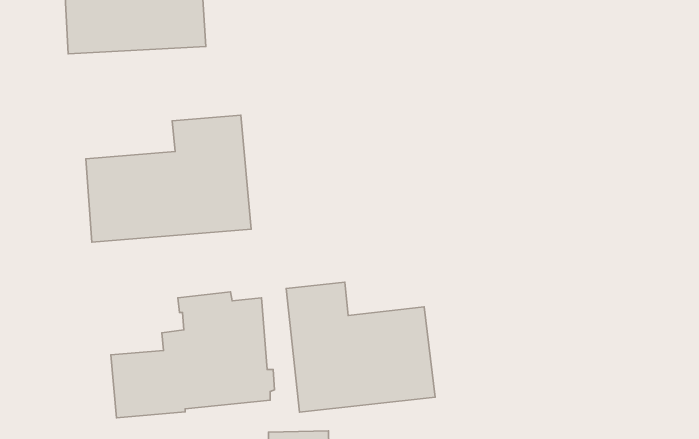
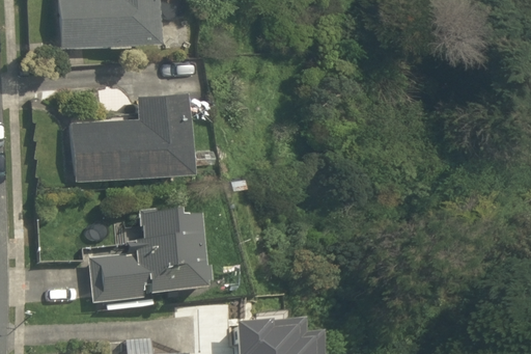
building: [286,282,435,412] -> none

